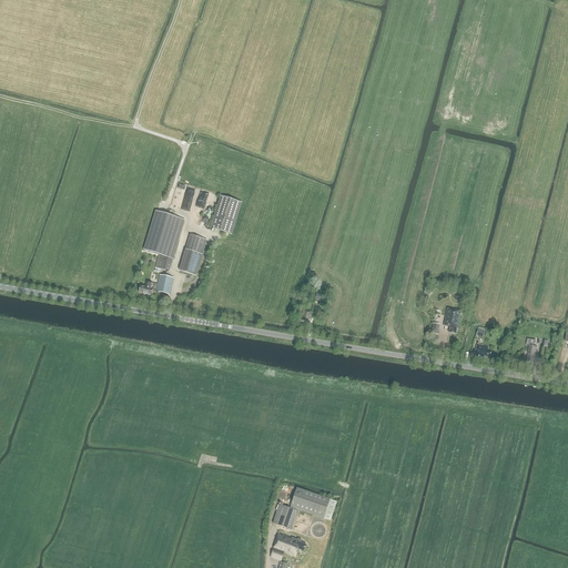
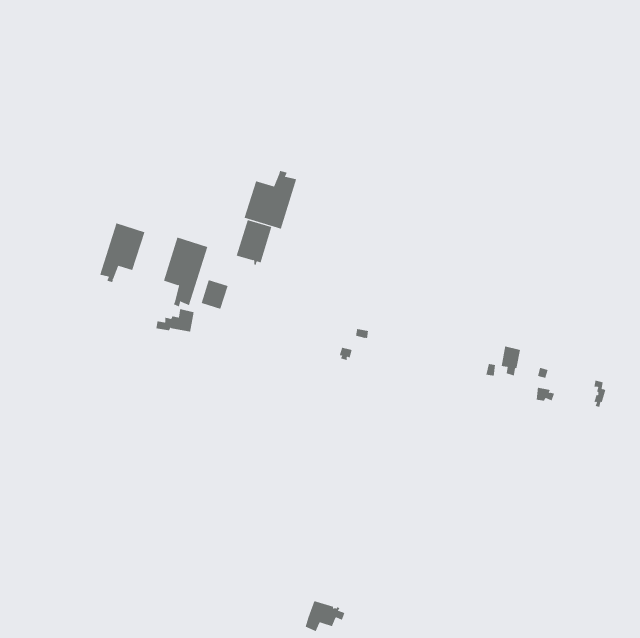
building: none -> [244,170,297,230]
building: none -> [99,223,145,283]
building: [272,486,336,528] -> none

